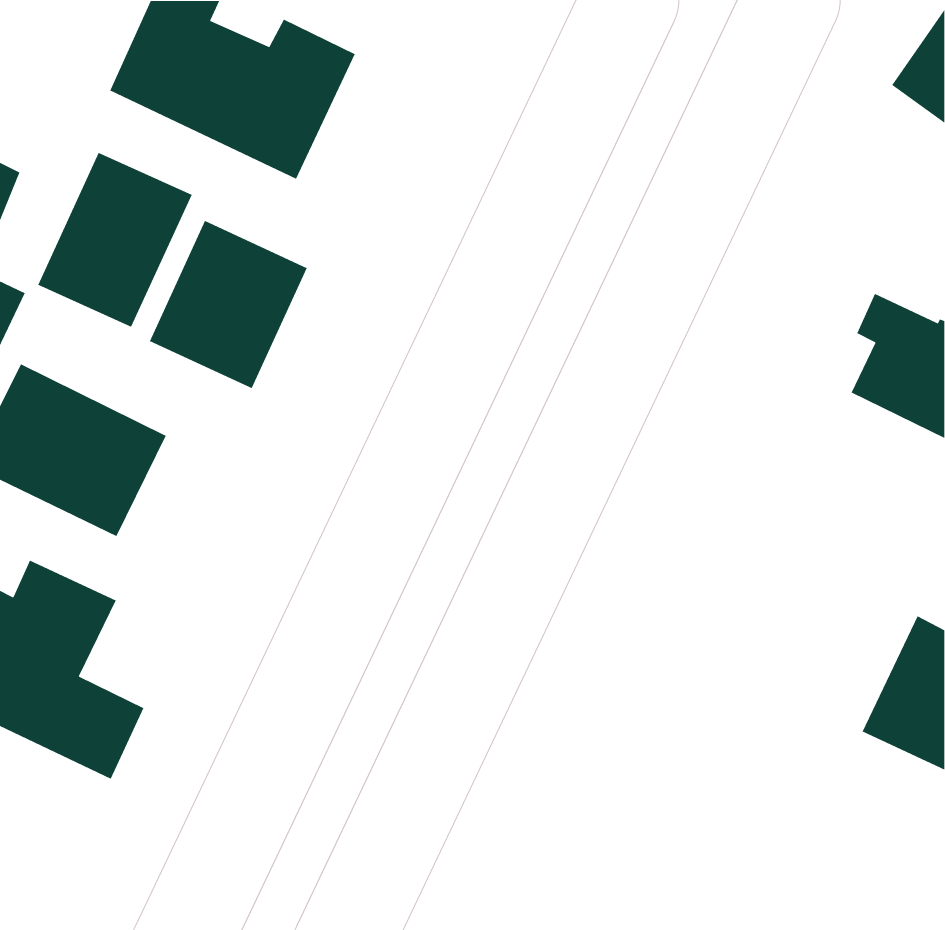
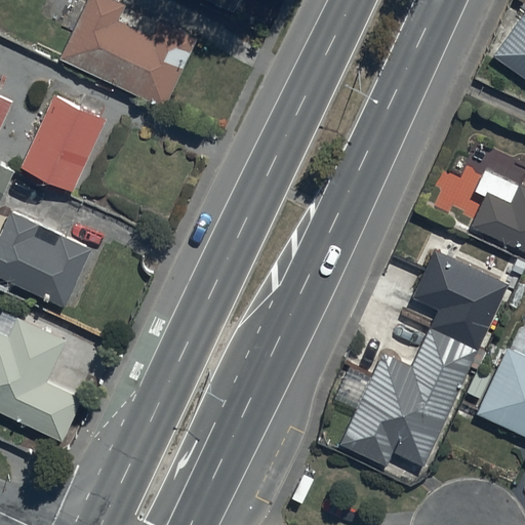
building: [149,220,308,389] -> none
building: none -> [340,252,508,468]

